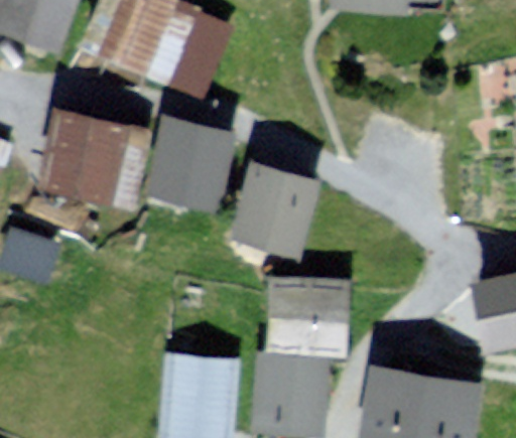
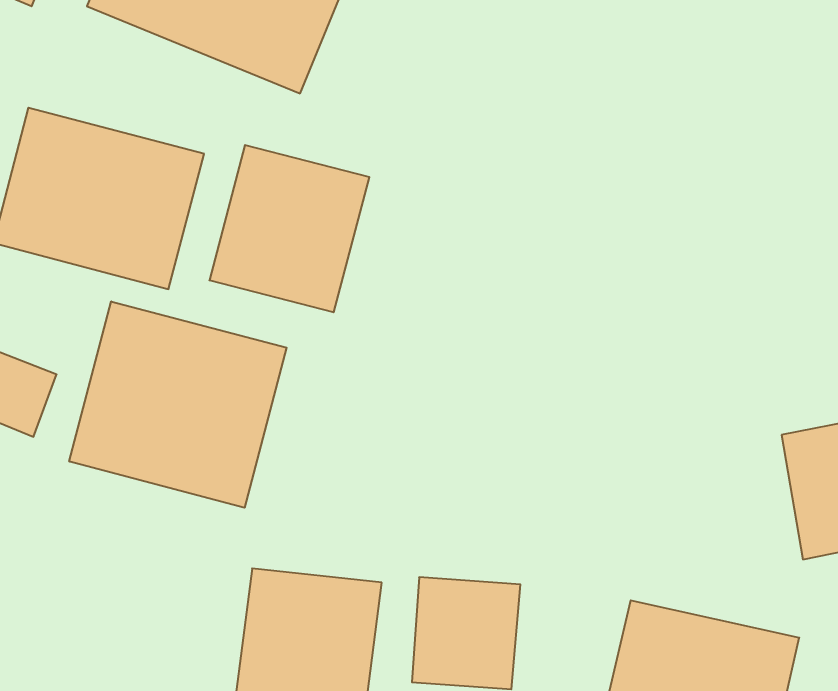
building: [229,165,321,260] -> none
building: none -> [69,301,287,508]
building: [266,285,350,360] -> none

